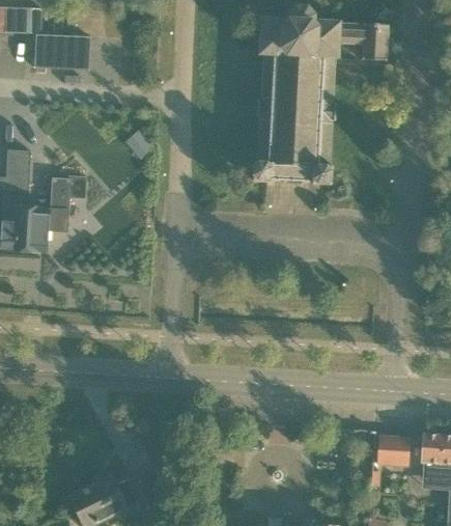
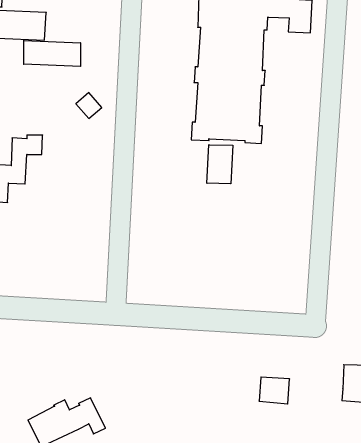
building: none -> [24,40,80,66]
building: none -> [207,145,233,184]
building: [376,435,411,465] -> [259,377,290,404]

